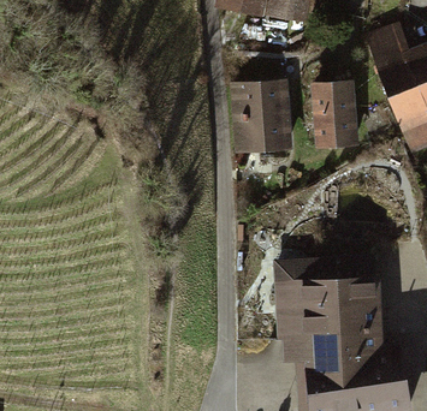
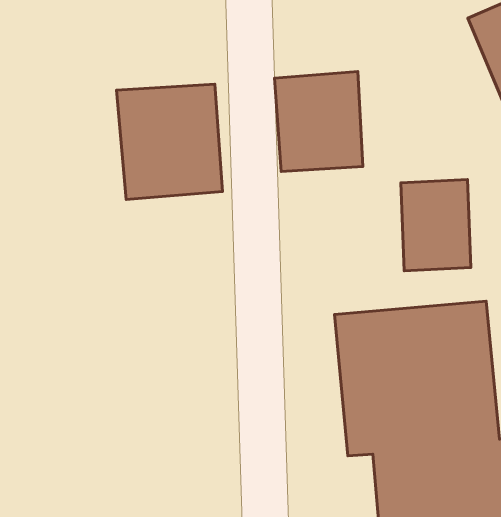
building: [308,81,358,147] -> [401,179,471,271]
building: none -> [116,84,222,199]

